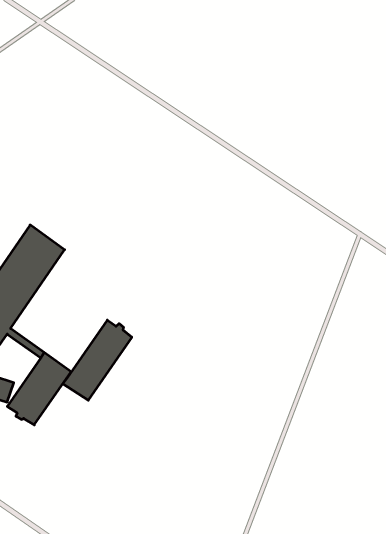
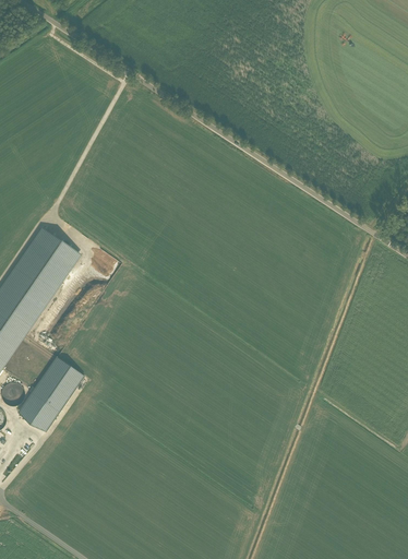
building: [63,320,132,400] -> none

